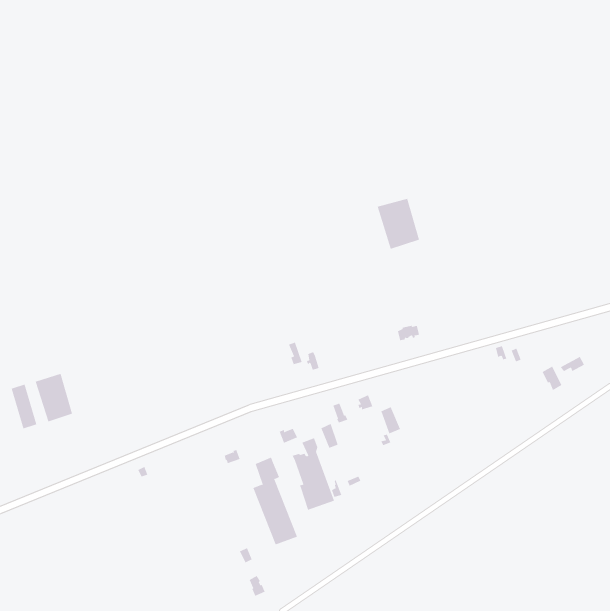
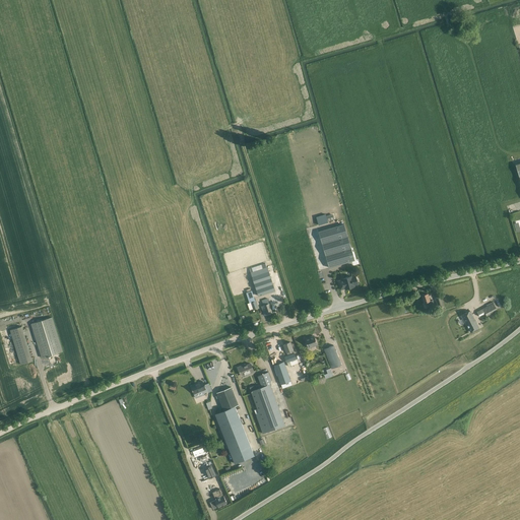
building: [377,198,420,249] -> [317,224,353,268]
building: none -> [250,267,274,296]

